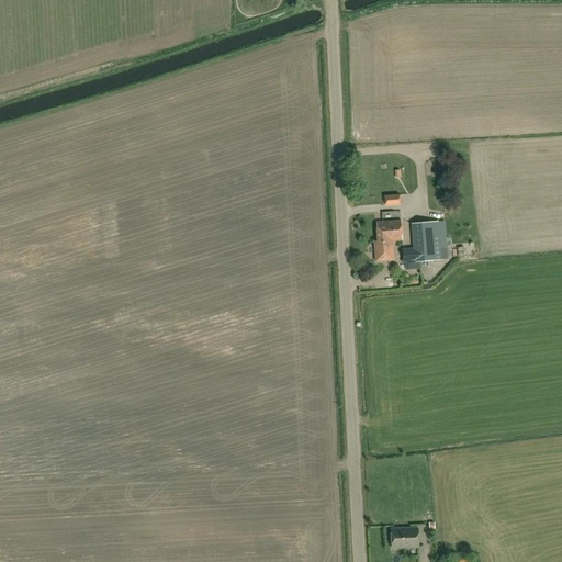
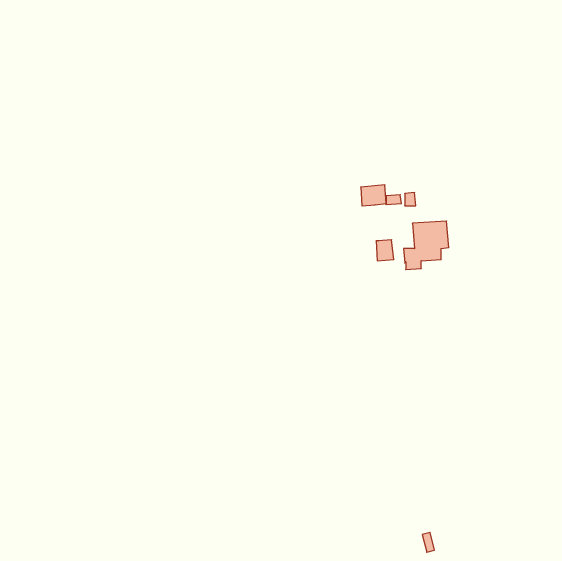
building: [376,220,402,240] -> [361,185,386,206]
building: [392,527,417,547] -> none

